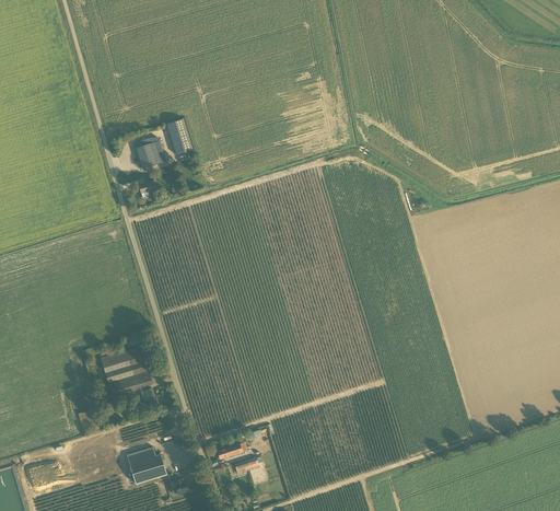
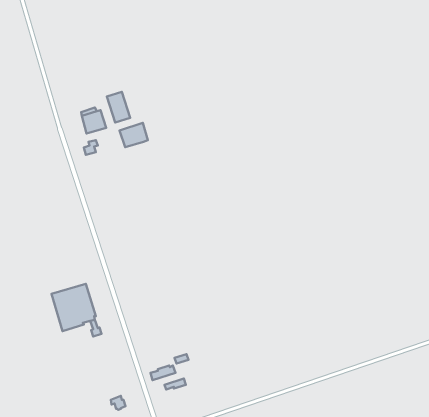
building: none -> [119,123,148,147]
building: [126,446,166,485] -> none

